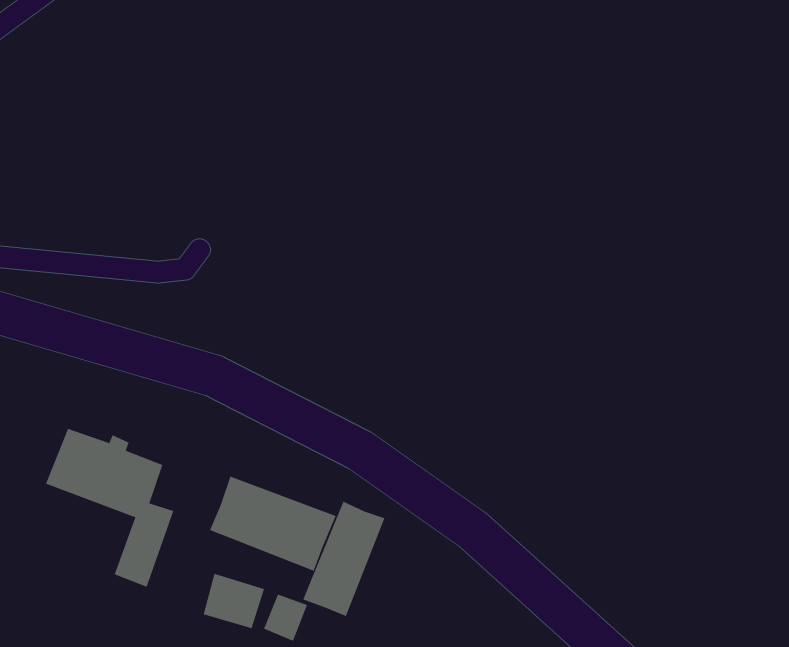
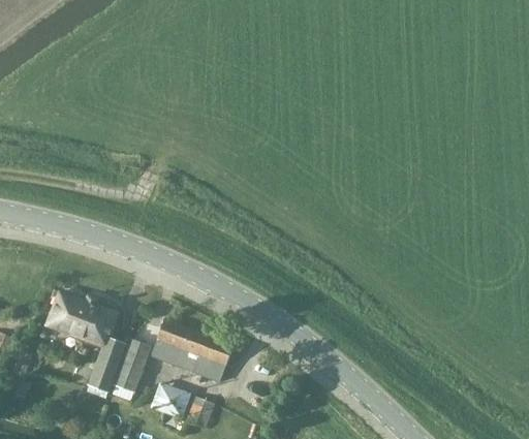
building: [303,501,385,617] -> none
building: none -> [115,338,152,391]

